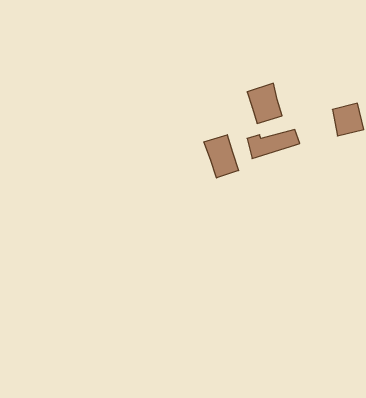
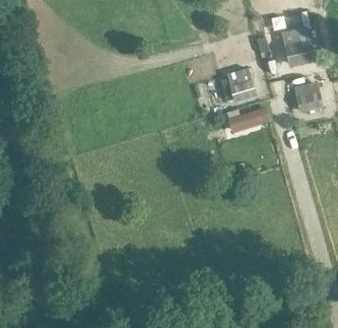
building: none -> [280,27,313,64]
building: [204,135,239,178] -> none

